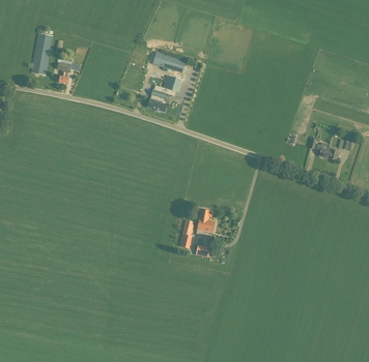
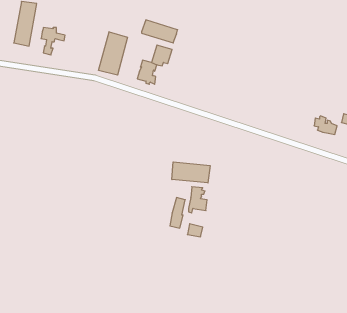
building: none -> [99,32,128,75]
building: none -> [172,162,210,183]

